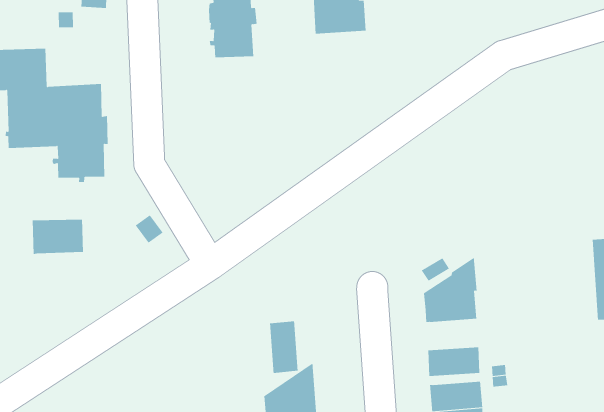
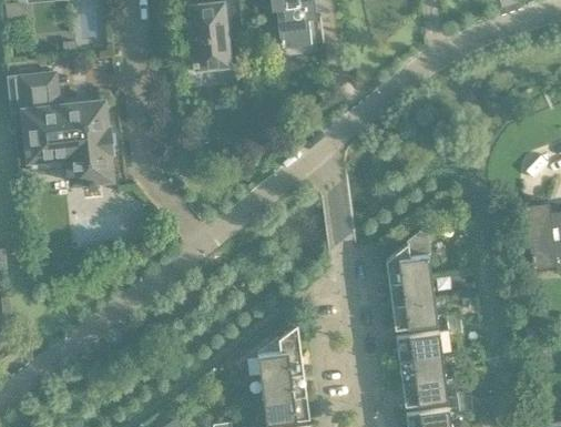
building: [32,219,83,255] -> none
building: none -> [389,278,436,307]
building: [269,320,298,374] -> none

